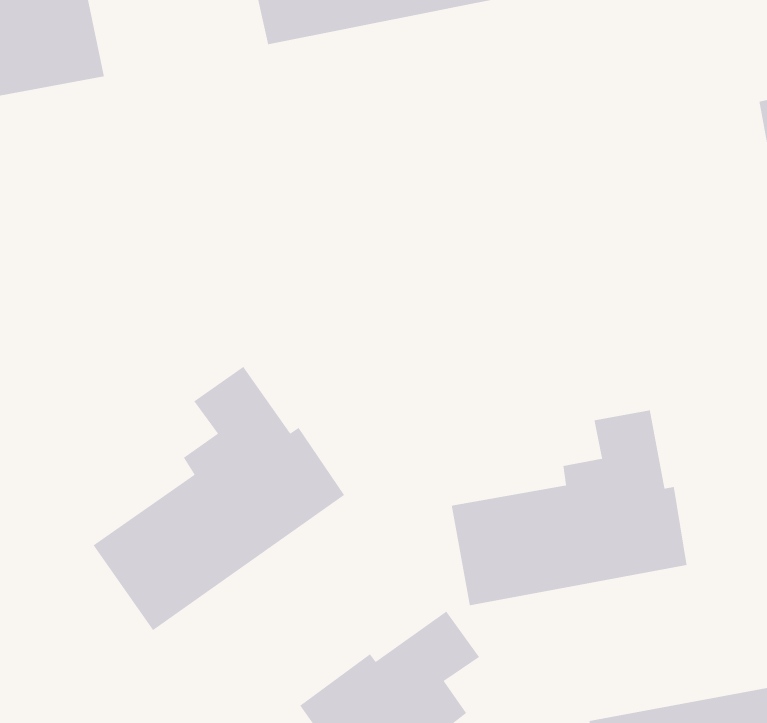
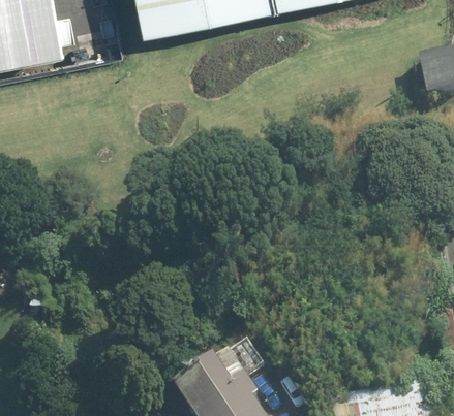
building: [93,366,345,631] -> none
building: [451,410,687,606] -> none

